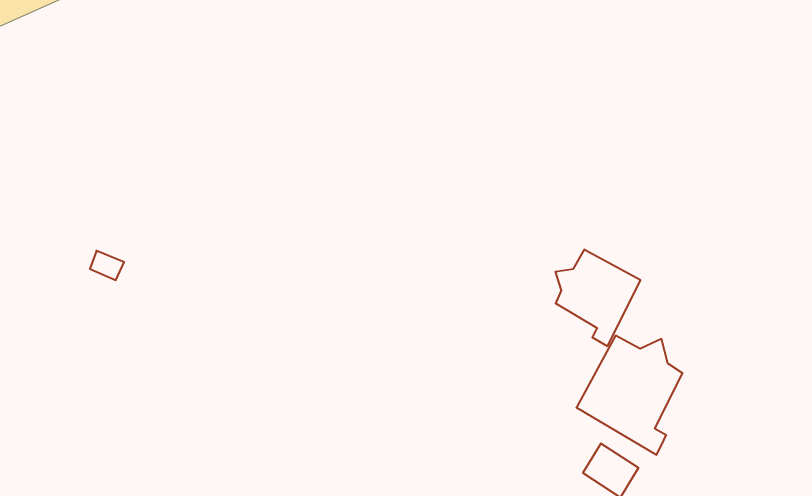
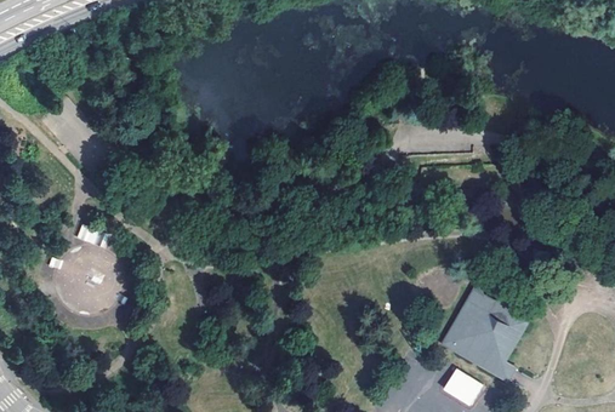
building: [555,249,640,346] -> none

